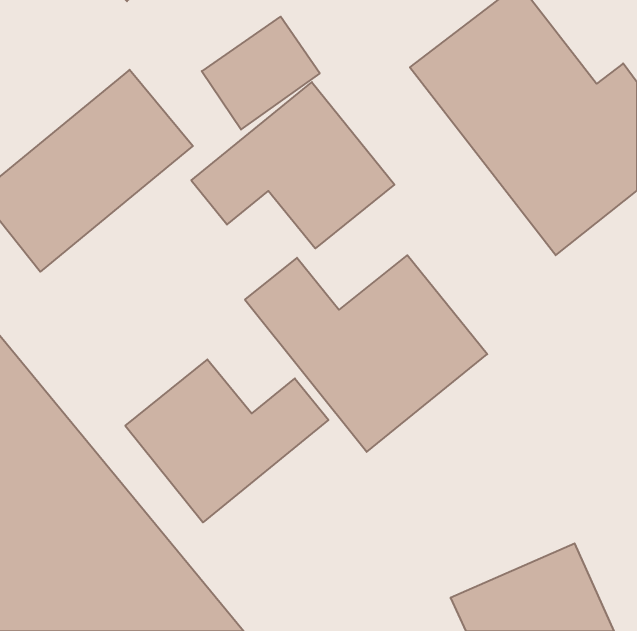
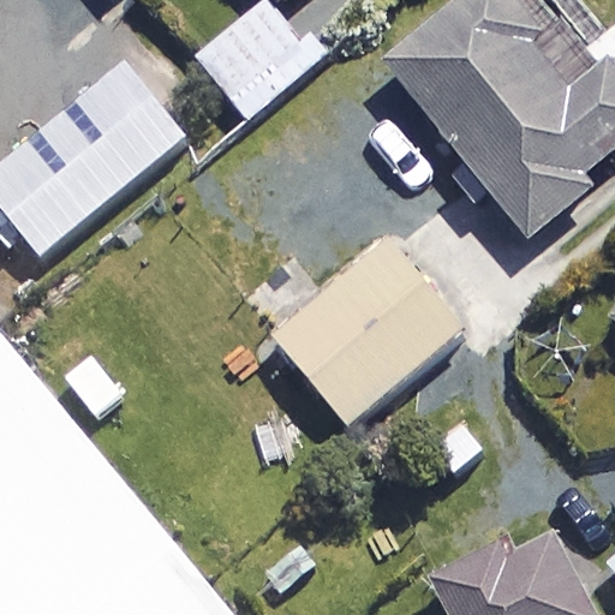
building: [191,82,394,248] -> none
building: [125,359,328,522] -> none

